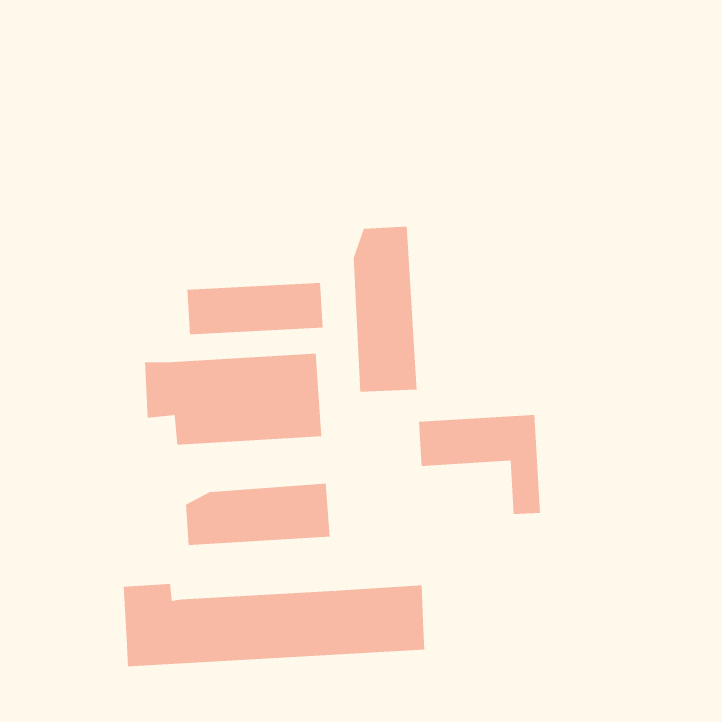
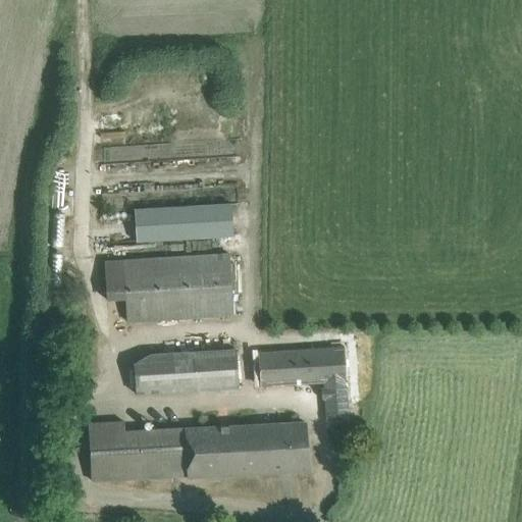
building: [353,226,417,393] -> none
building: [418,414,541,515] -> [259,348,348,420]

